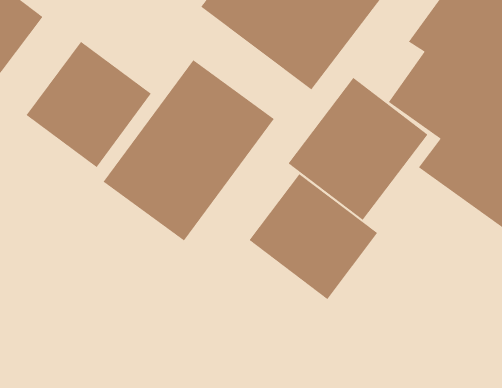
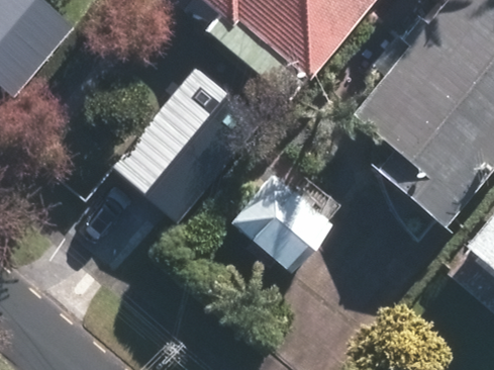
building: [26,41,152,168] -> none
building: [287,77,429,221] -> none

